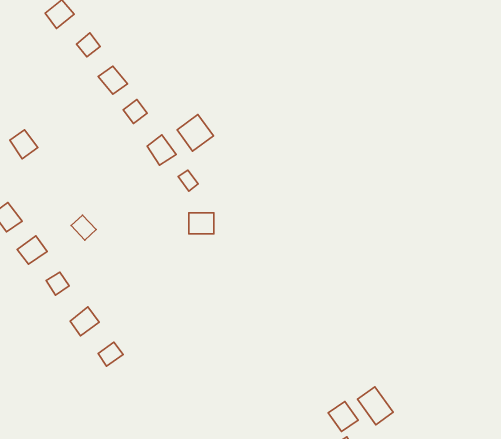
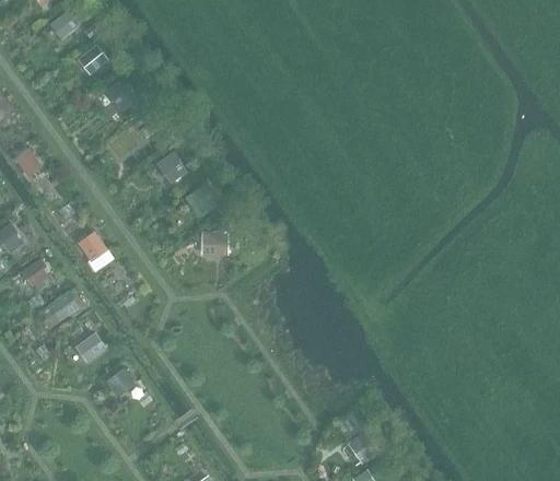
building: [177,115,213,151] -> none
building: [357,387,393,425] -> none

